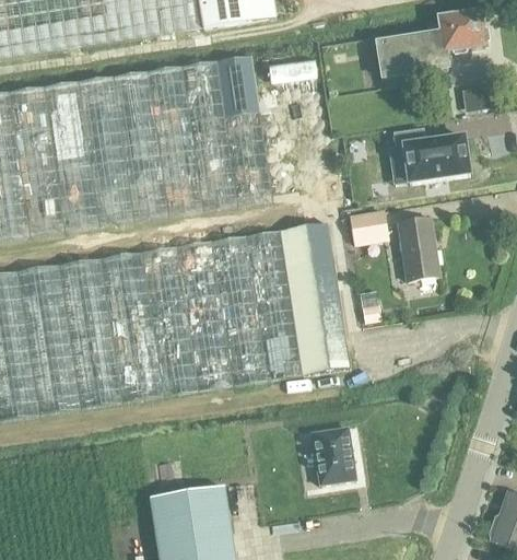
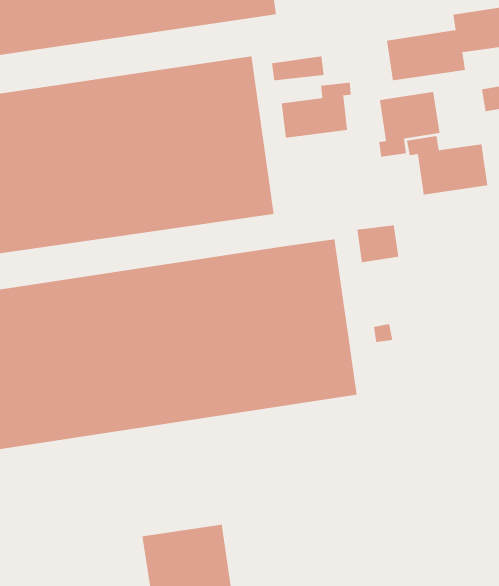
building: none -> [281,82,352,138]
building: none -> [378,91,440,157]
building: [397,219,438,281] -> none
building: [312,428,355,486] -> none

